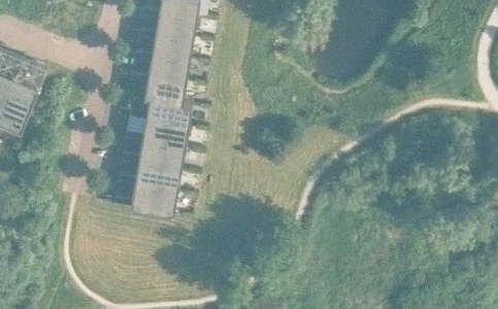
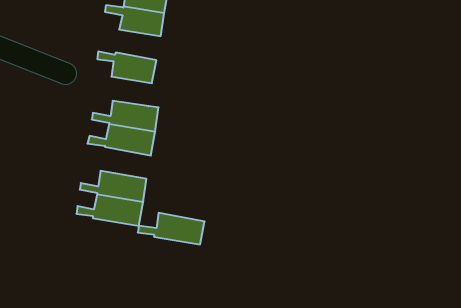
building: [138,28,195,58] -> none
building: [131,72,187,101] -> none
building: [123,139,186,169] -> [138,213,205,244]

